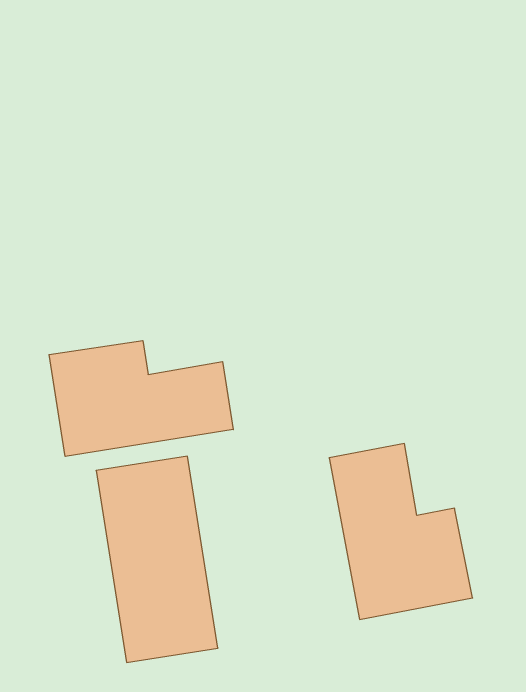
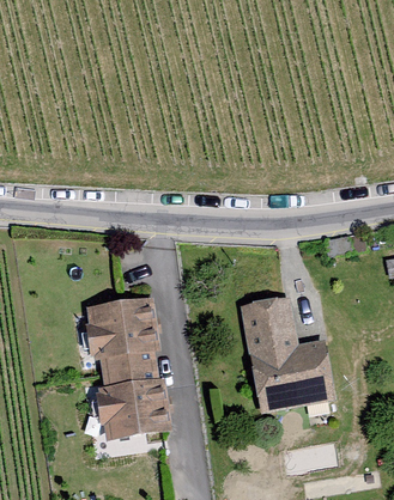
building: [49,341,233,456] -> none

